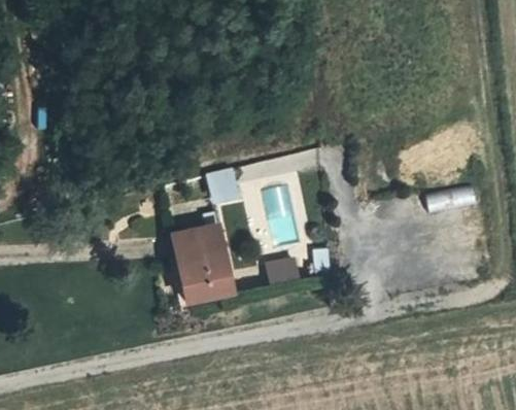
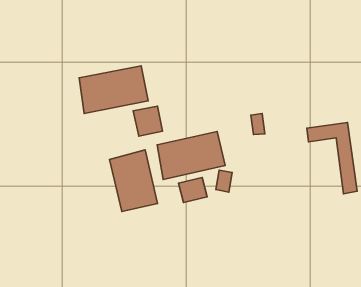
building: none -> [79,66,148,114]
building: none -> [157,132,225,180]

